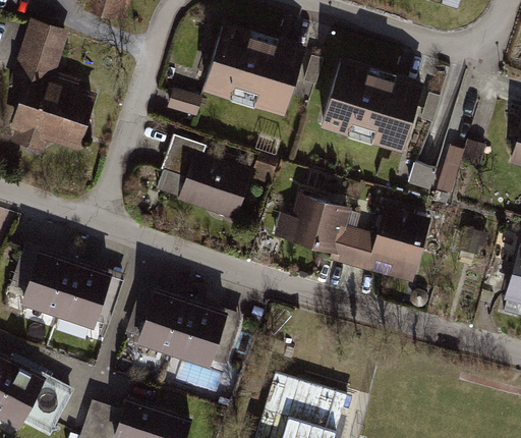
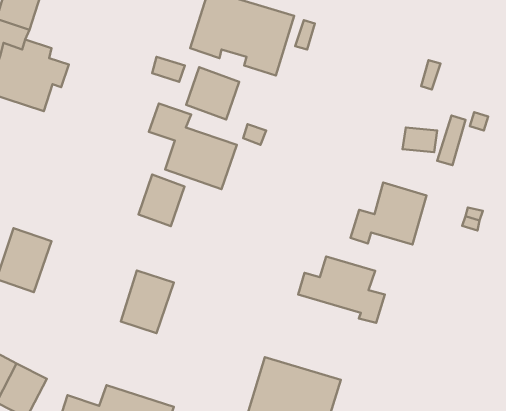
building: [322,65,420,147] -> none
building: none -> [186,67,239,120]
building: [275,199,356,261] -> [298,257,385,323]
building: none -> [138,175,184,226]
building: [58,266,108,325] -> none
building: [173,305,225,365] -> none

